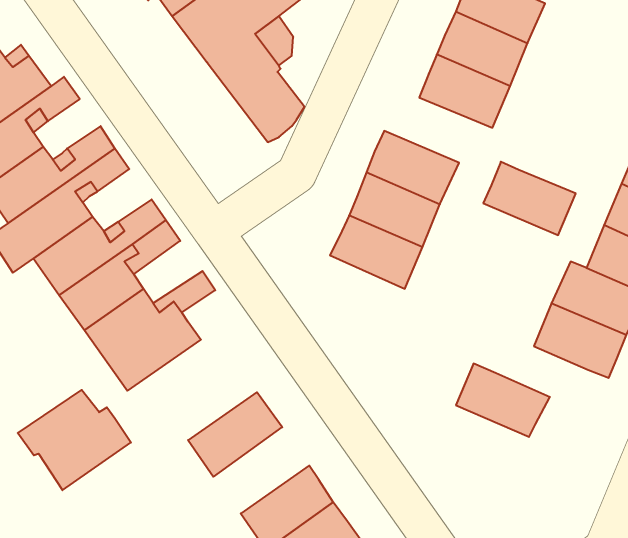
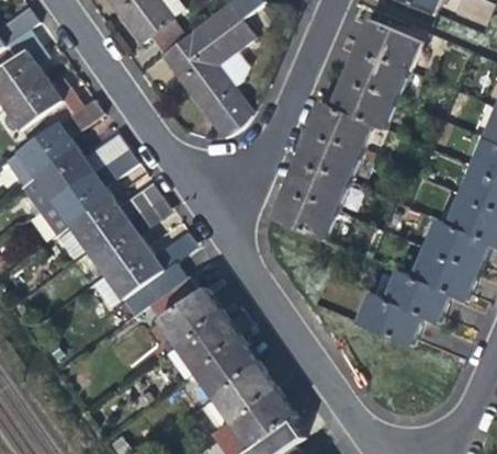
building: [483,162,576,235] -> [307,104,371,155]
building: none -> [384,274,448,322]
building: [18,390,131,490] -> [142,276,219,345]
building: none -> [190,337,256,396]

